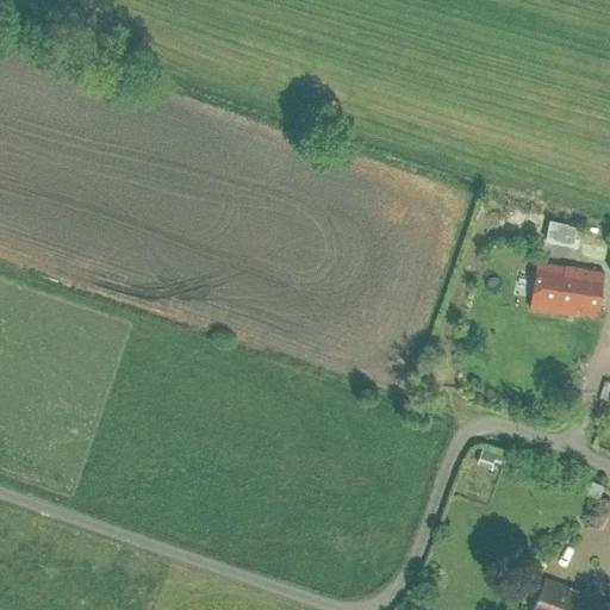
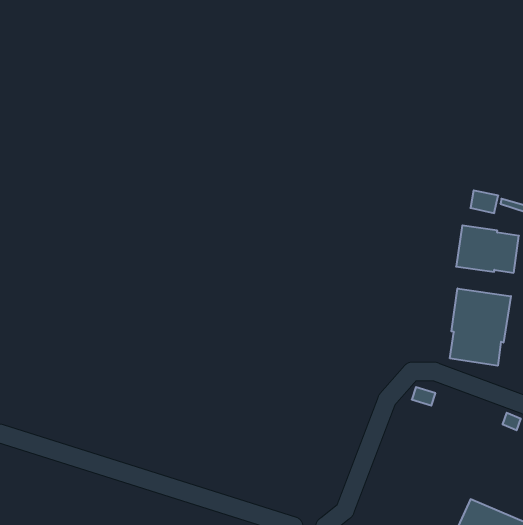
building: none -> [450,288,511,366]

